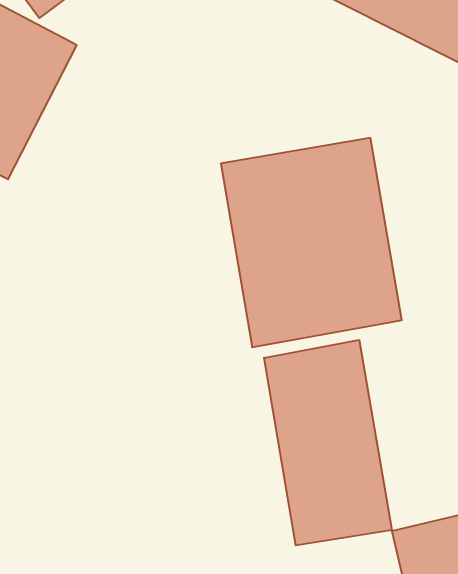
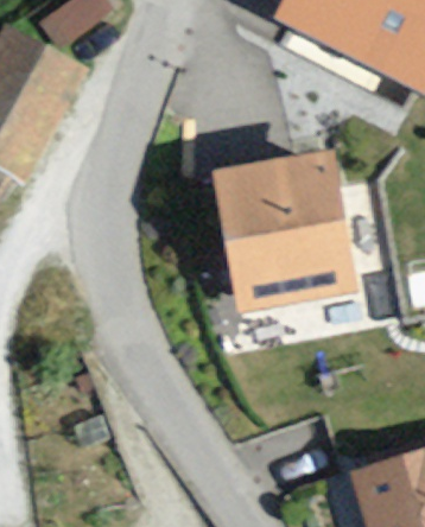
building: [264,340,392,545] -> none

